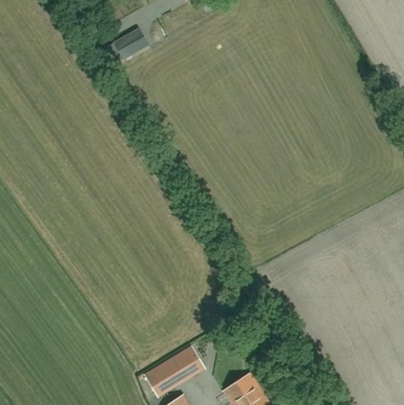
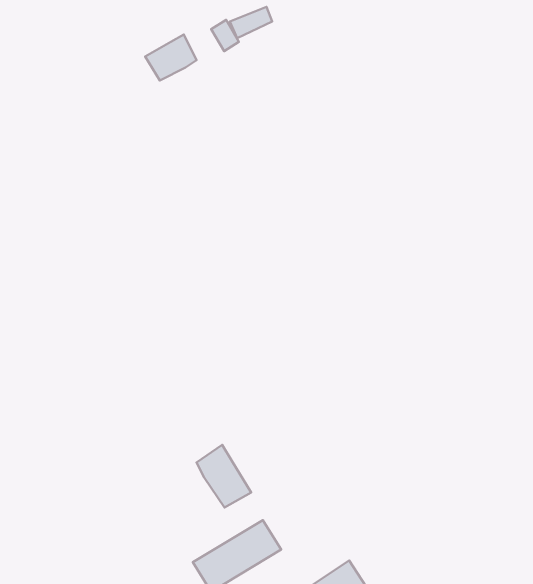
building: none -> [196,445,251,507]

